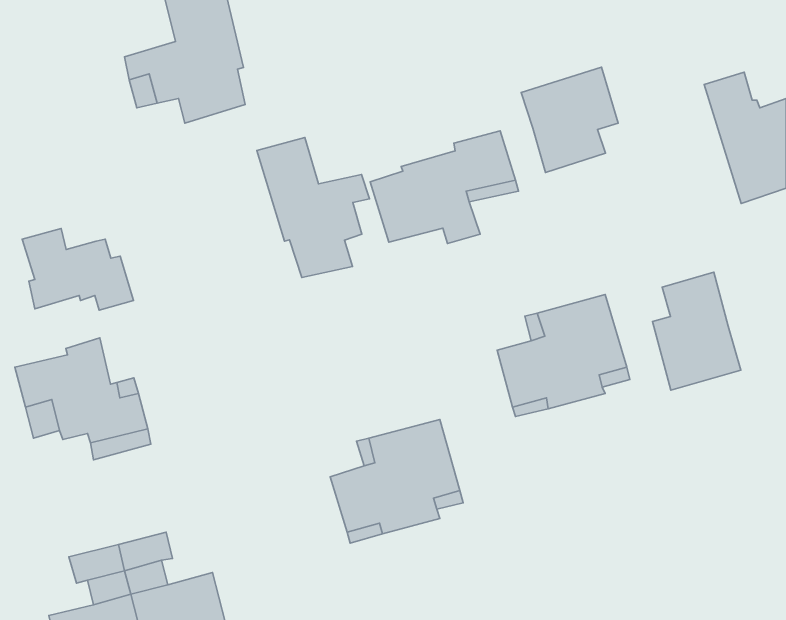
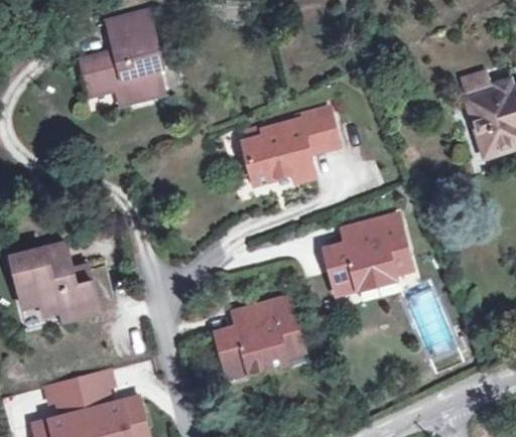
building: [521,67,618,172] -> none
building: [257,137,370,277] -> none
building: [22,229,134,310] -> none
building: [652,272,741,390] -> none

